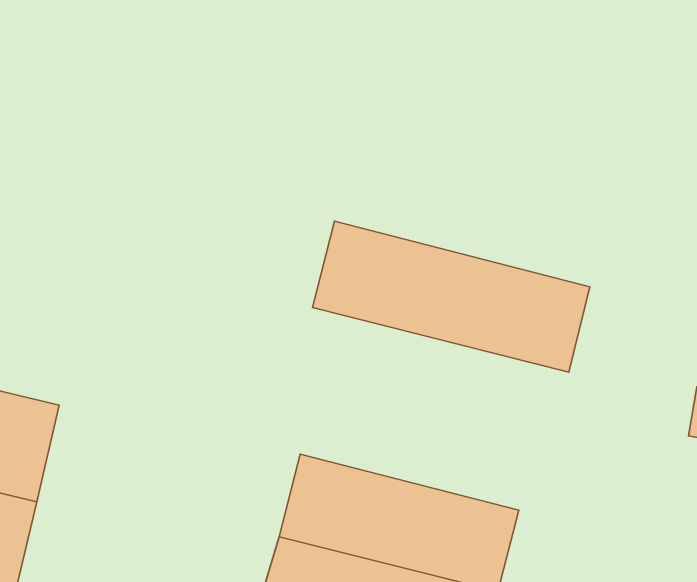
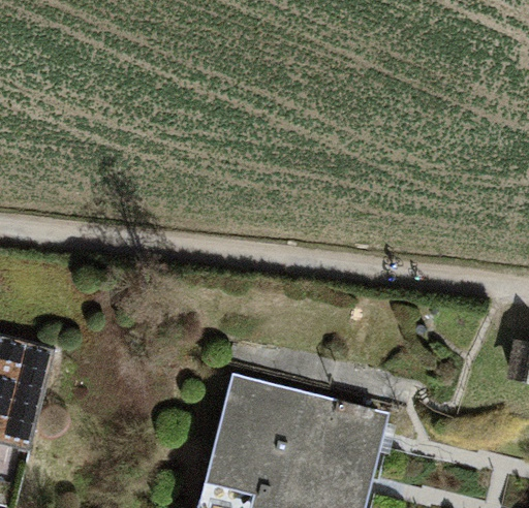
building: [313,221,590,372] -> none

